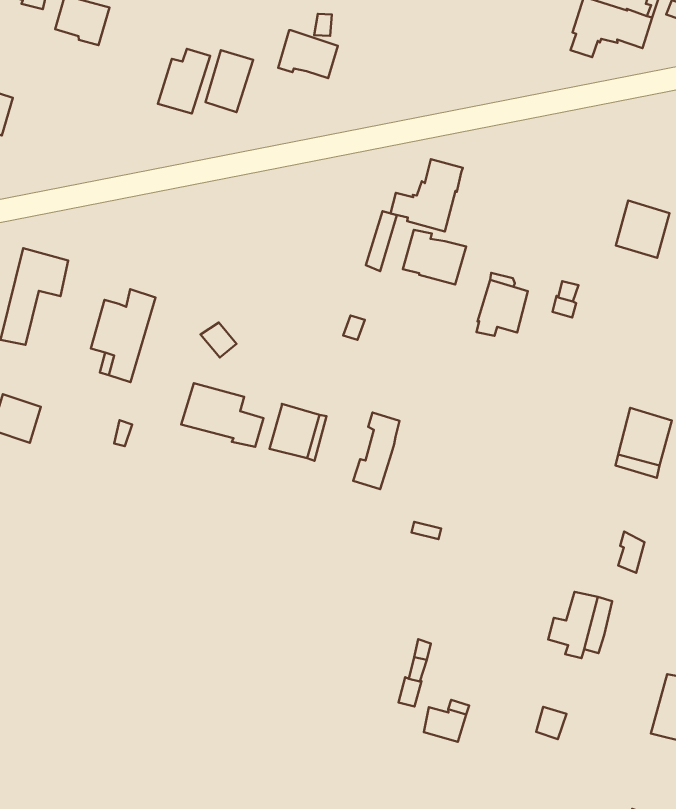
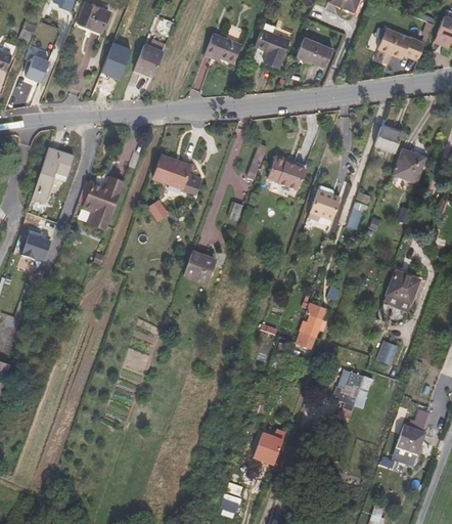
building: none -> [254,28,289,68]
building: none -> [297,37,332,67]
building: [206,50,253,112] -> [101,42,131,79]
building: [391,159,463,232] -> none
building: none -> [374,124,402,151]
building: [181,383,263,447] -> [152,154,200,193]
building: [353,412,399,489] -> [293,307,323,352]

